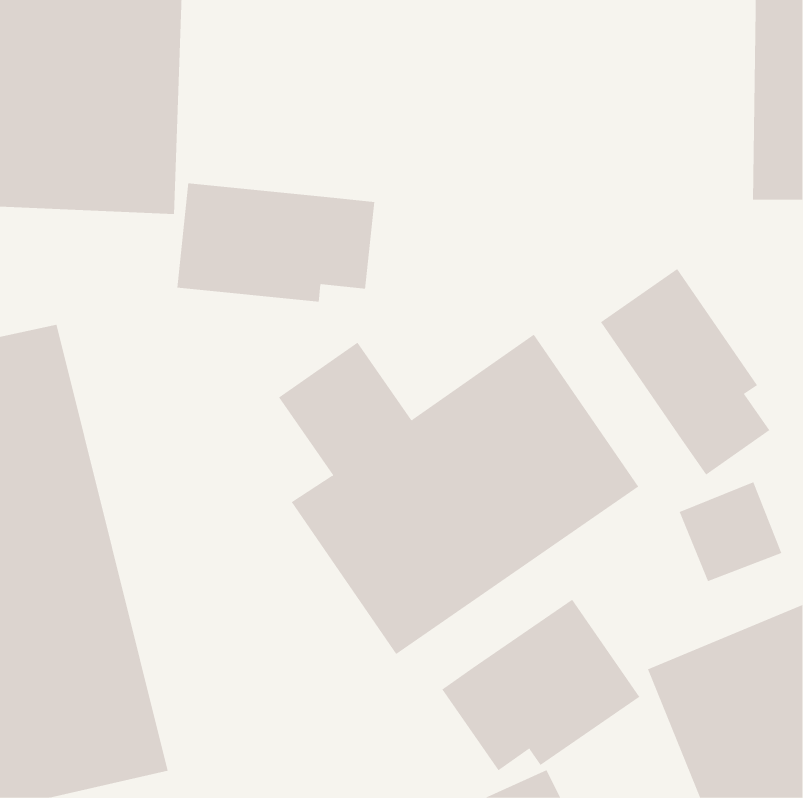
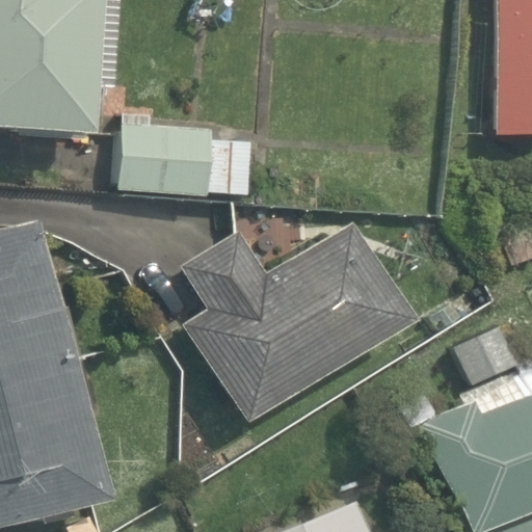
building: [600,268,770,475] -> none
building: [441,599,640,771] -> none

